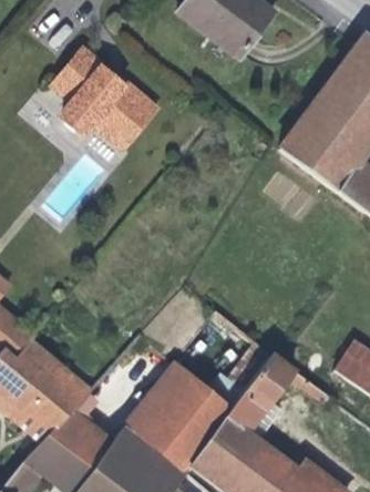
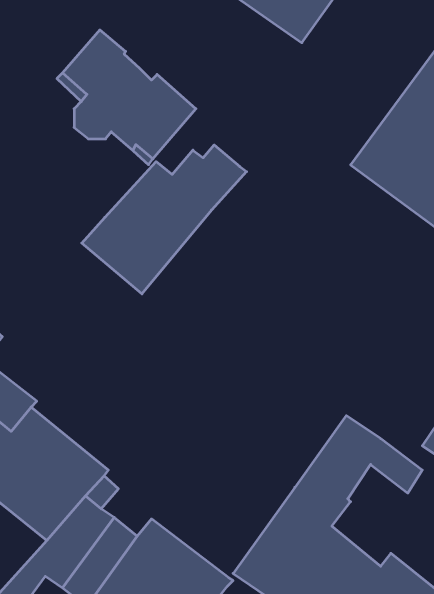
building: none -> [82,145,247,294]
building: [124,359,235,472] -> none

